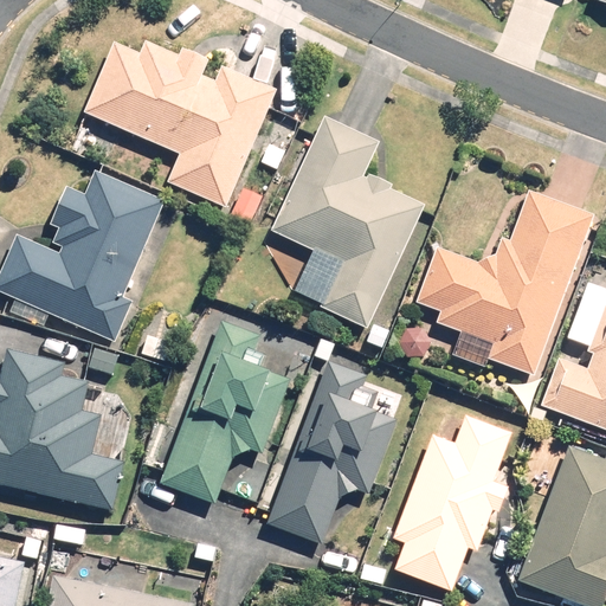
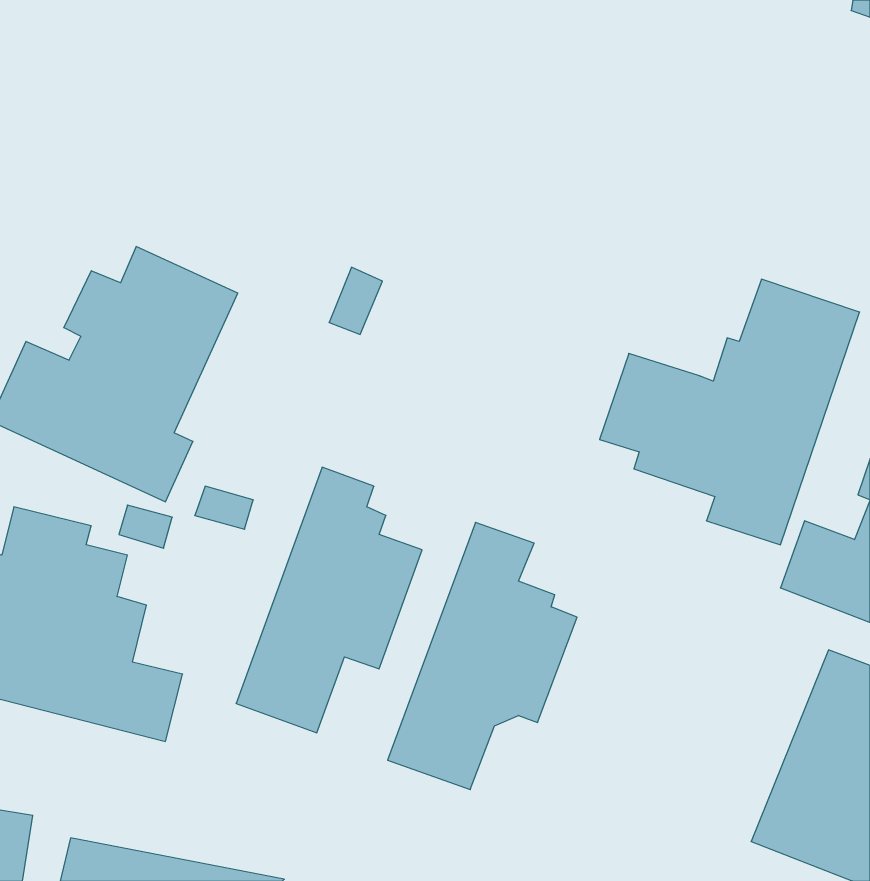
building: [83,40,273,208] -> none
building: [270,116,425,328] -> none
building: [393,417,511,589] -> none

